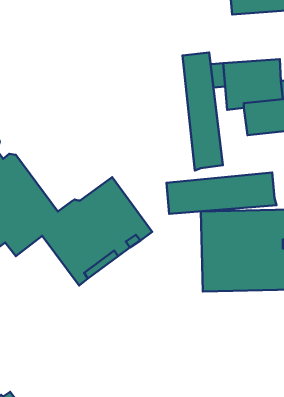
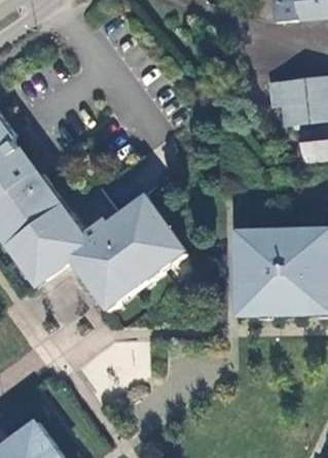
building: [182,52,223,170] -> none
building: [167,172,277,214] -> none

